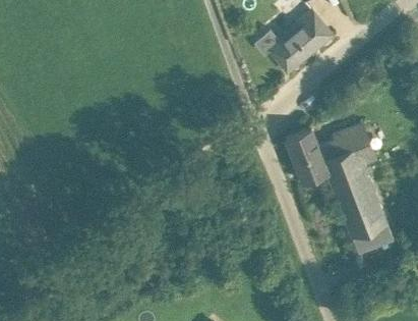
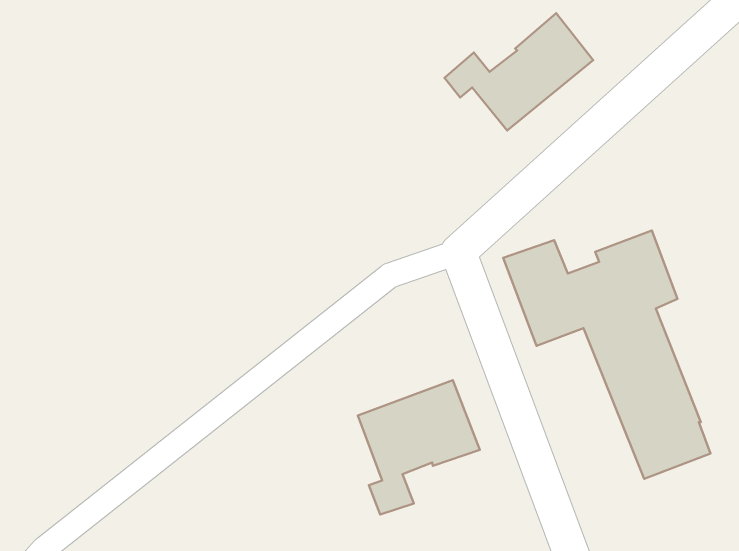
building: none -> [358,380,480,514]

